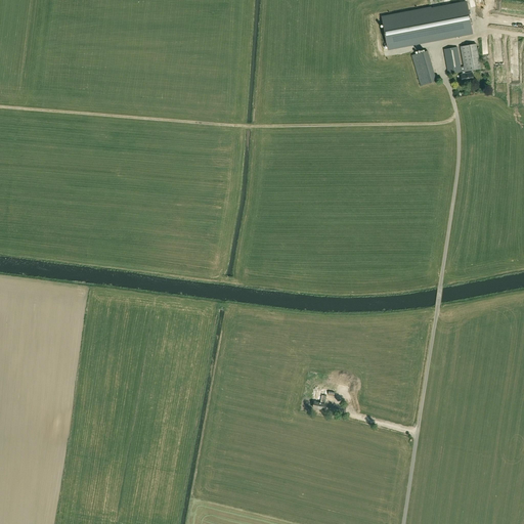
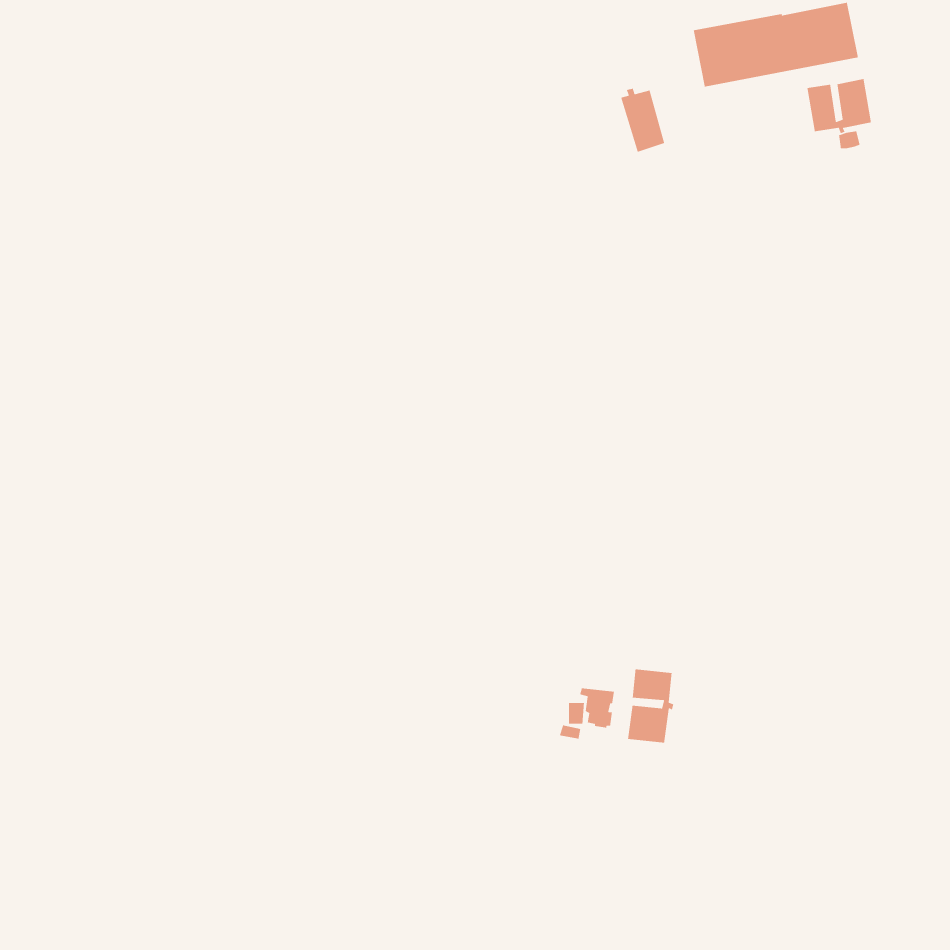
building: [410,49,435,85] -> [620,88,665,153]
building: none -> [627,668,674,744]

